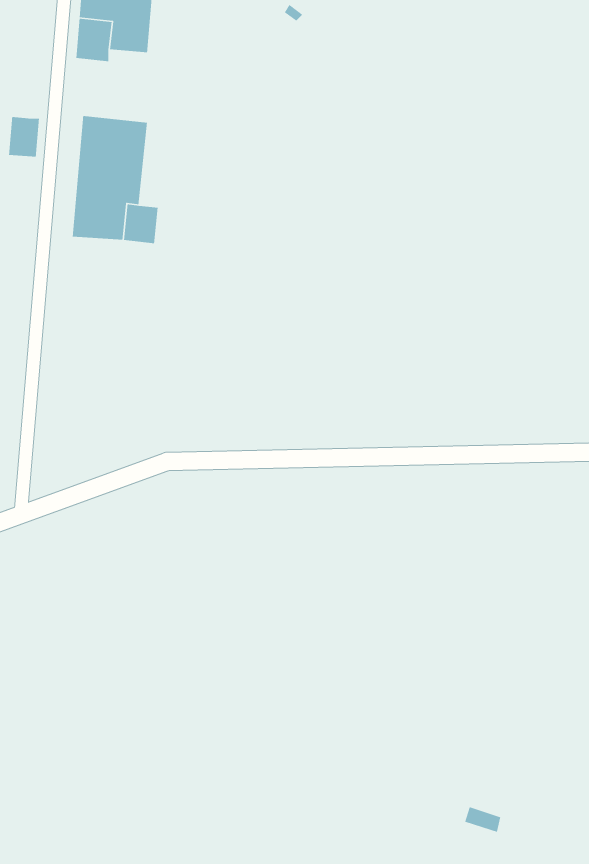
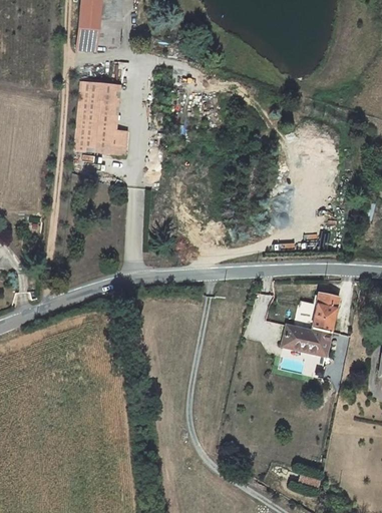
building: [8,116,40,157] -> none
building: none -> [282,292,340,356]

